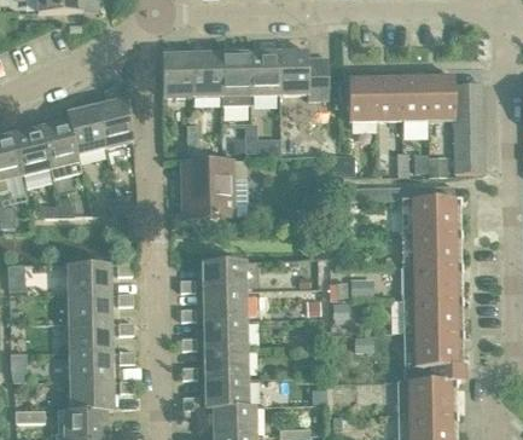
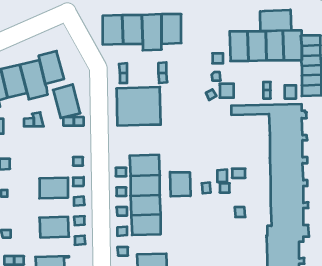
building: none -> [260,10,291,31]
building: [278,51,329,99] -> none
building: [94,97,134,146] -> [53,84,80,118]
building: [68,262,111,294] -> none
building: none -> [170,172,190,196]
building: [69,322,111,352] -> none
building: [205,376,256,406] -> none
building: [63,380,112,410] -> none

